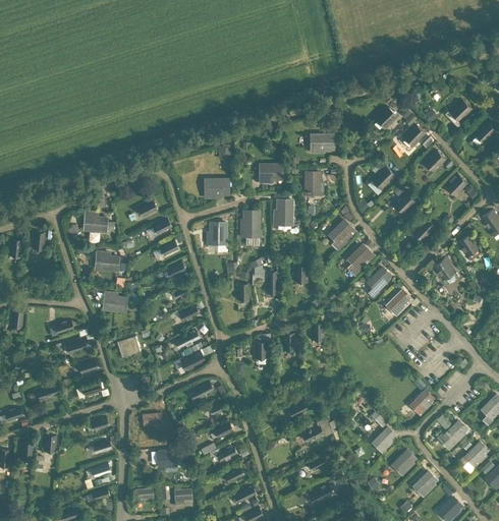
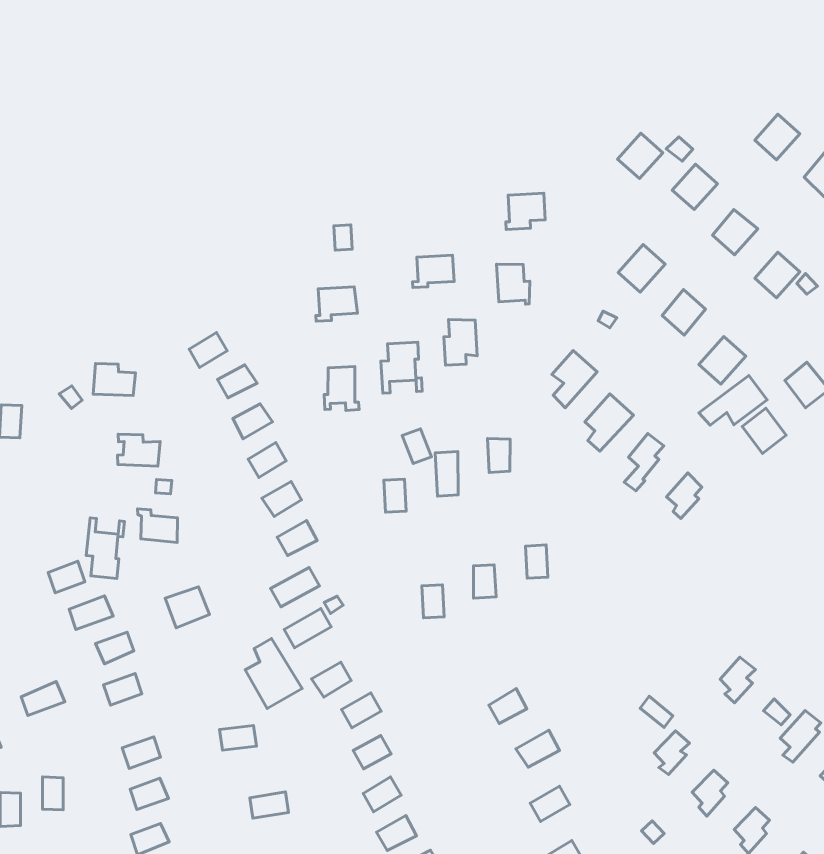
building: none -> [699,375,767,425]
building: none -> [86,518,124,579]
building: none -> [245,638,302,709]

